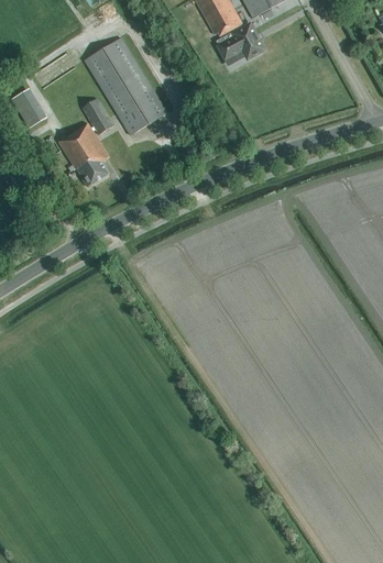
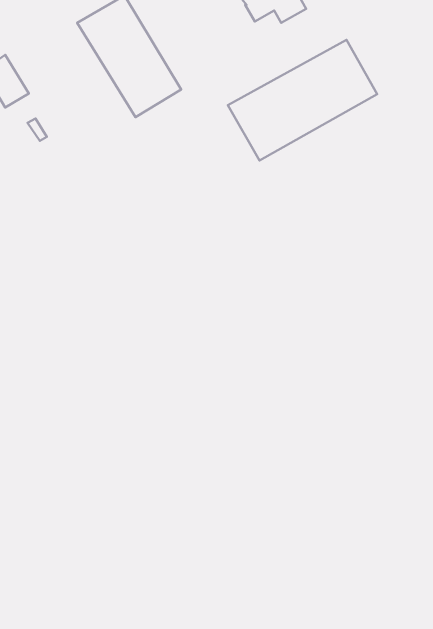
building: none -> [228,40,377,160]
building: [57,98,112,186] -> none

